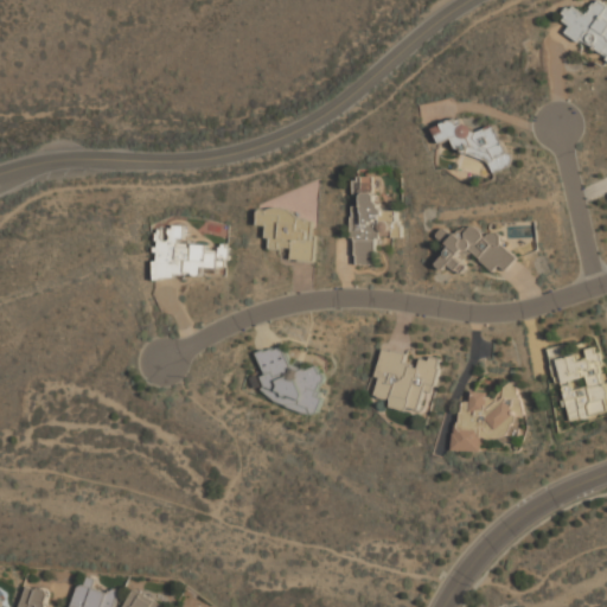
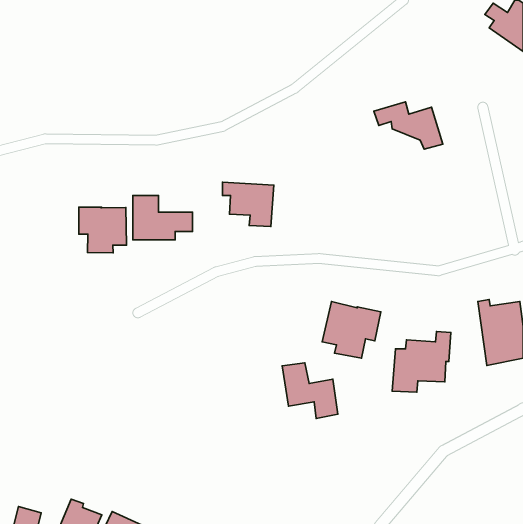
building: [349,178,400,268] -> none
building: [434,223,517,273] -> none
building: none -> [79,207,127,253]
building: [257,349,321,413] -> [282,363,338,418]

